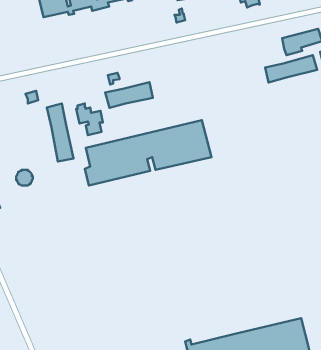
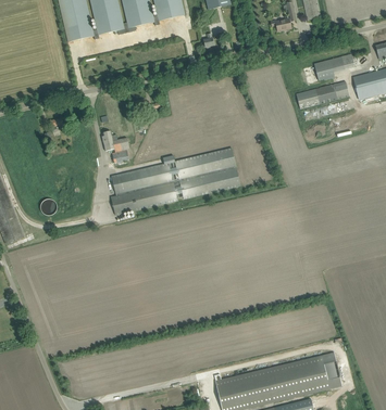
building: [105,82,153,108] -> none
building: [47,104,74,161] -> none

